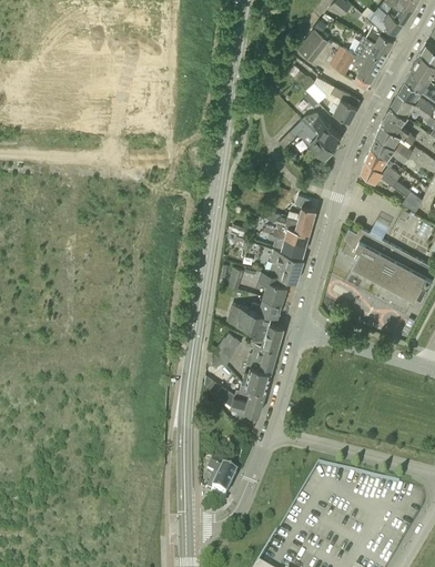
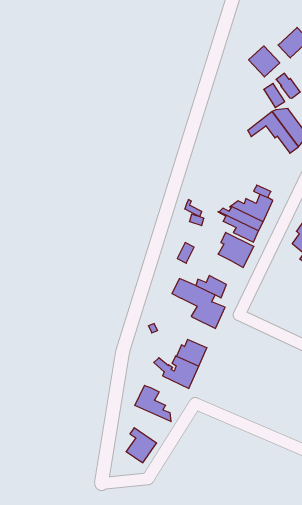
building: none -> [249,46,280,77]
building: [256,273,286,305] -> none
building: [245,344,276,373] -> none
building: none -> [135,385,171,422]

